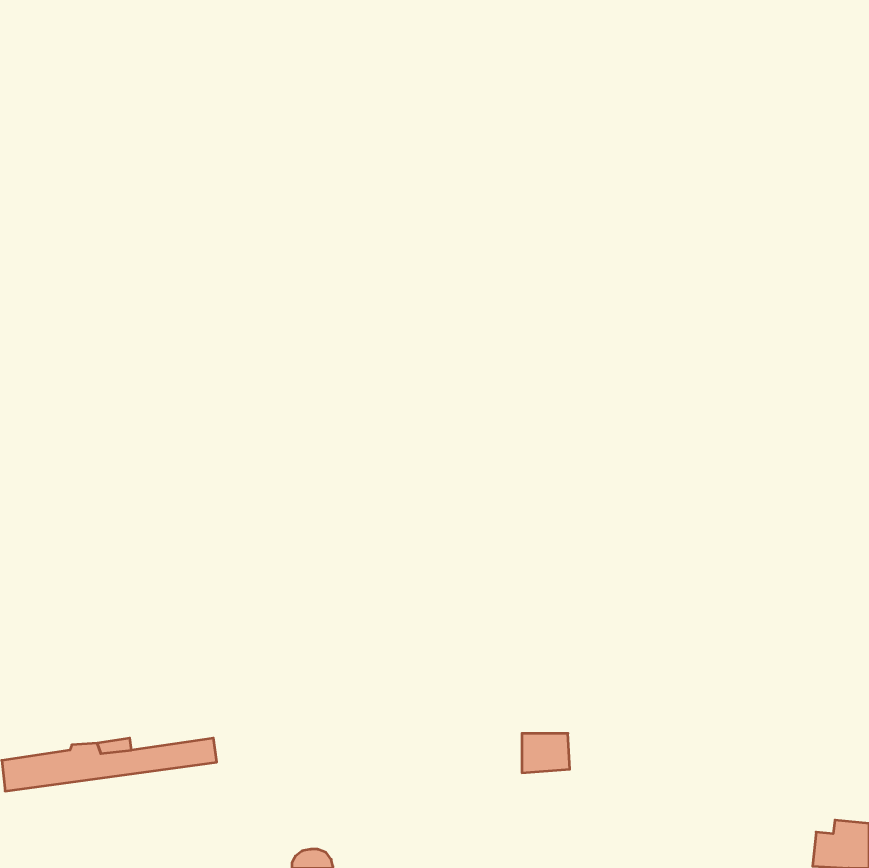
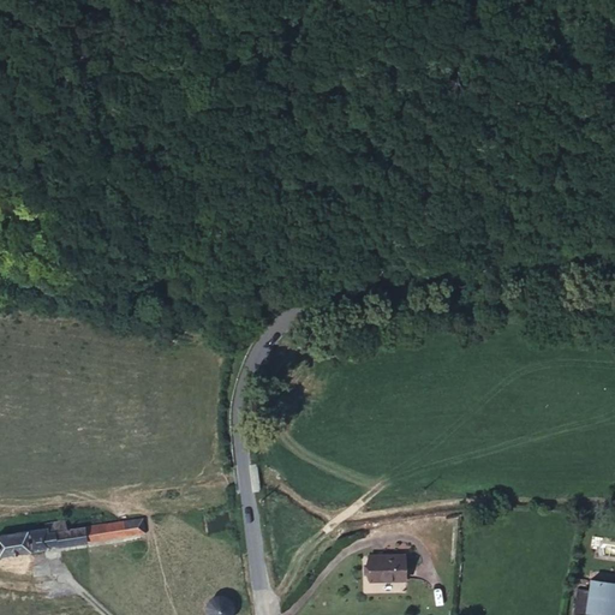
building: [522,733,570,773] -> [371,555,405,583]

